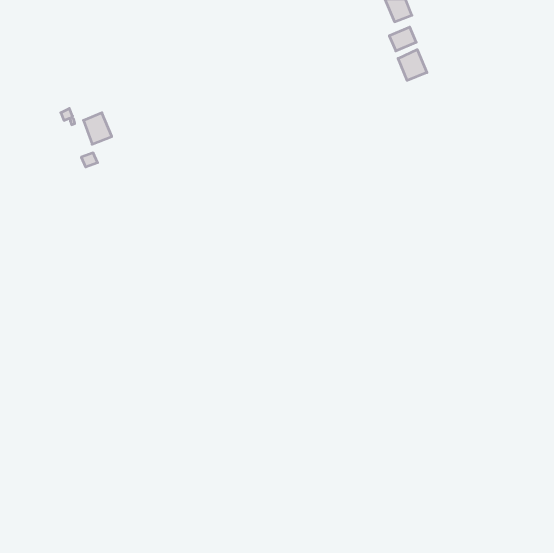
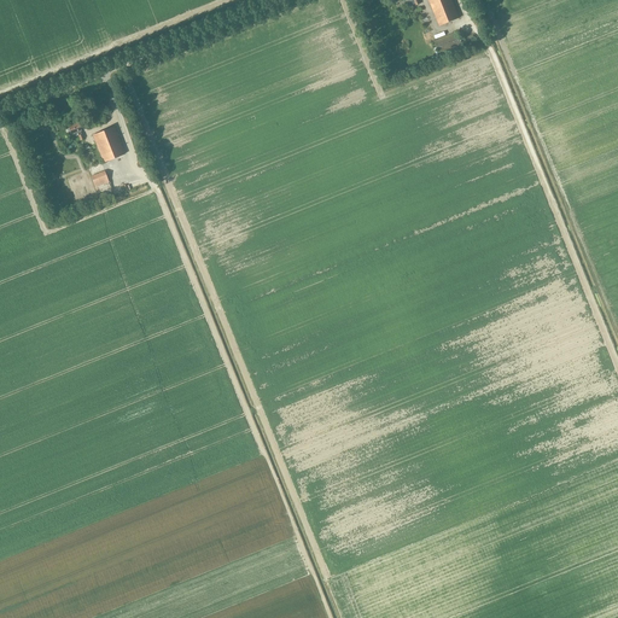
building: [398,50,427,80] -> none

